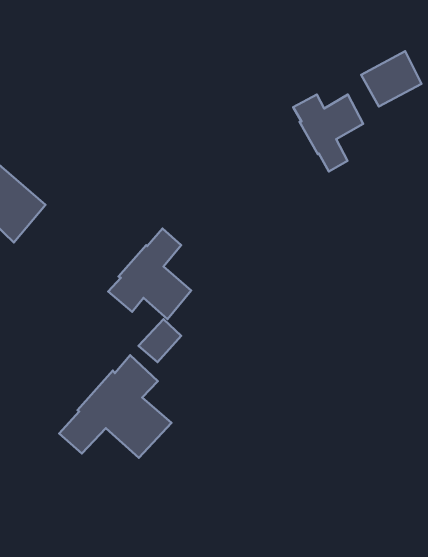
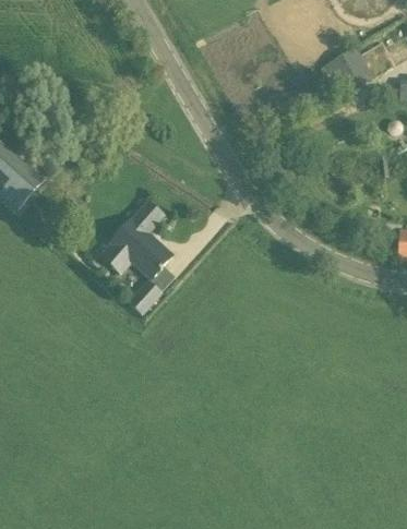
building: [293,94,363,171] -> none
building: [59,355,172,458] -> none

